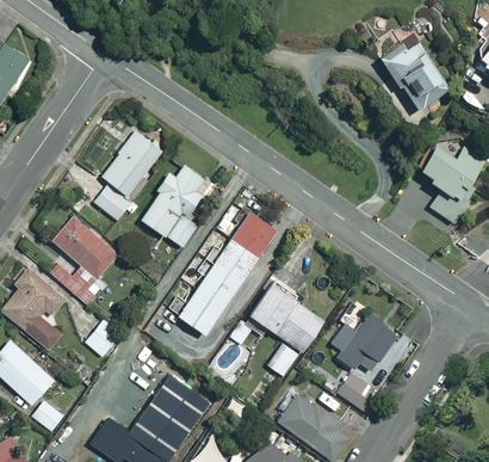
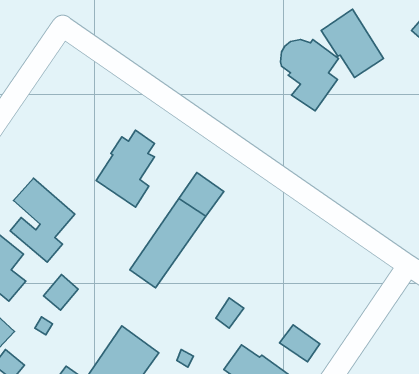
building: [93,130,162,221] -> none
building: [416,146,478,222] -> [280,39,338,111]
building: [249,281,323,352] -> none
building: [330,315,396,371] -> none

